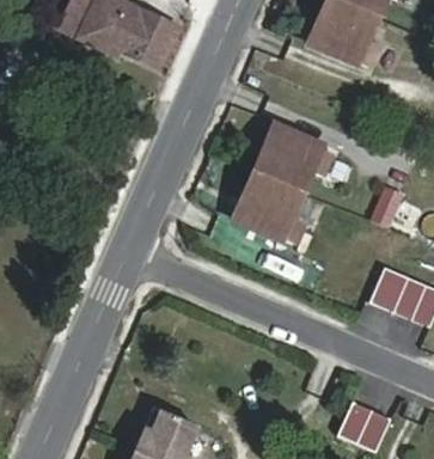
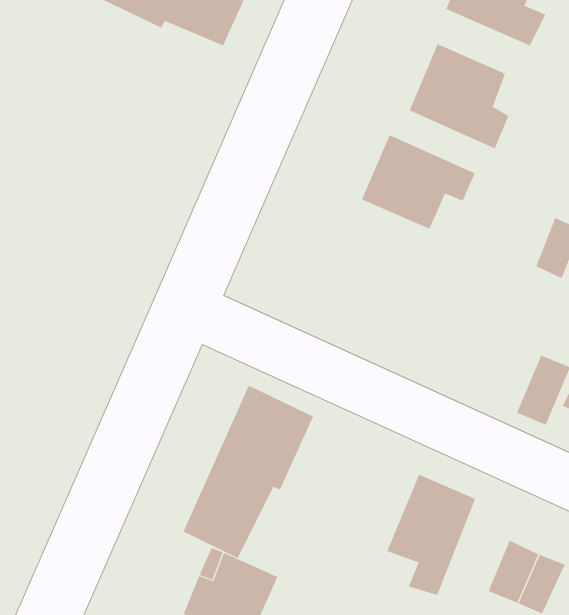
building: [236,171,304,243] -> [409,43,509,149]
building: none -> [183,385,314,559]
building: none -> [387,474,476,596]

